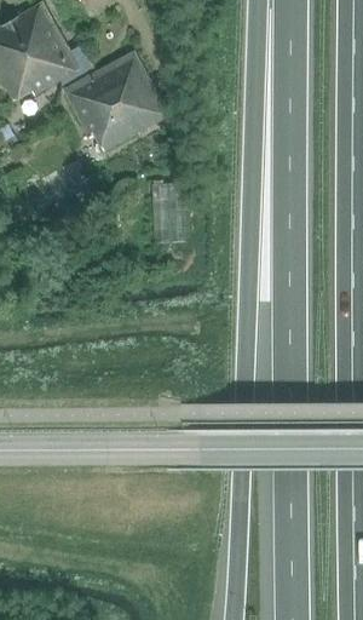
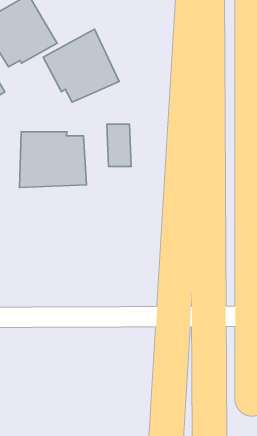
building: none -> [19,132,86,188]

